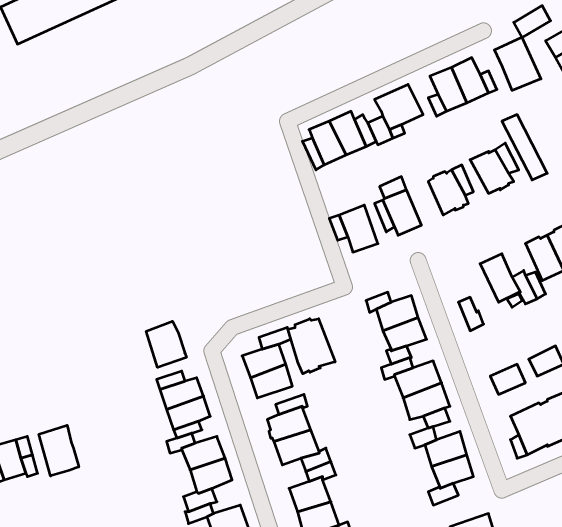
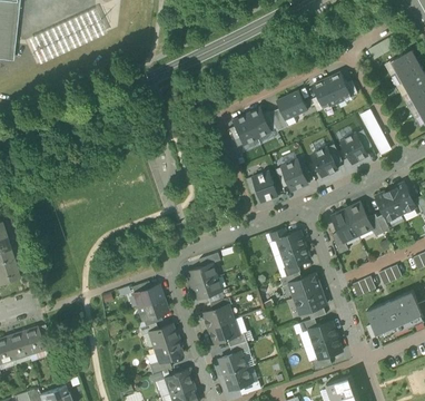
building: [494,37,541,90] -> none
building: none -> [332,211,358,243]
building: [288,319,335,374] -> none
building: [146,321,186,367] -> none
building: [39,425,79,476] -> none

